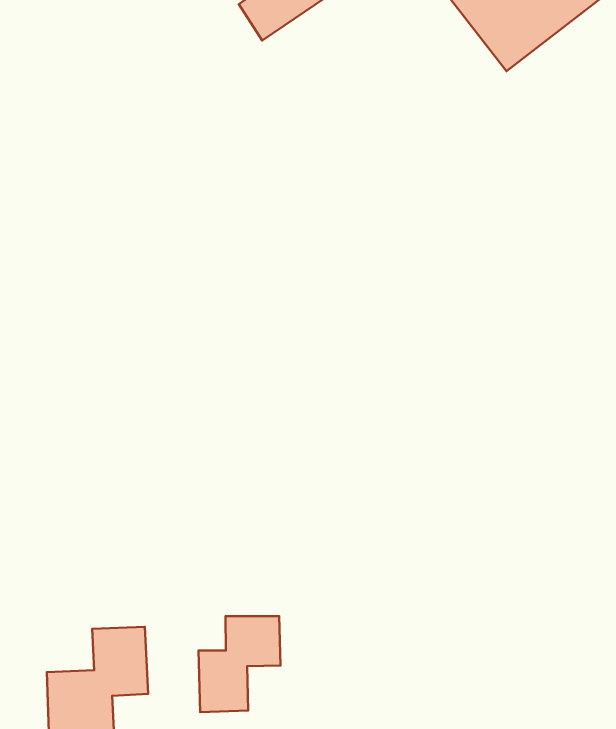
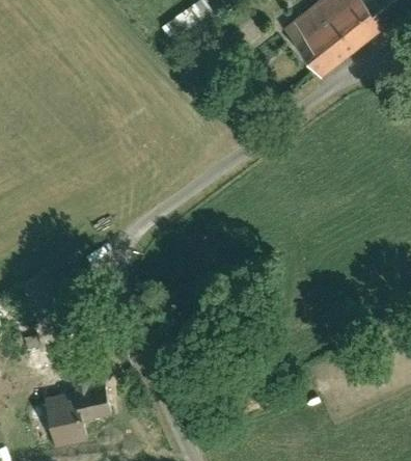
building: [198,616,281,712] -> none

